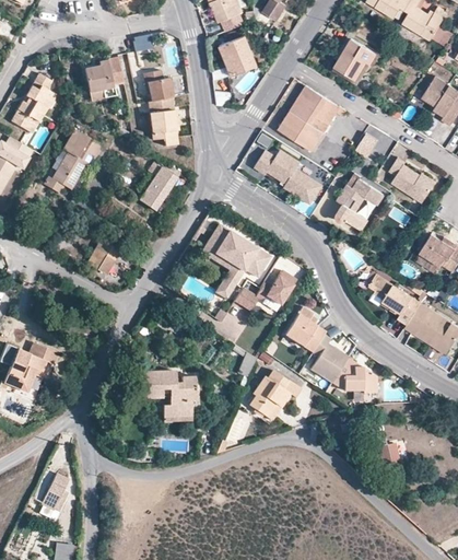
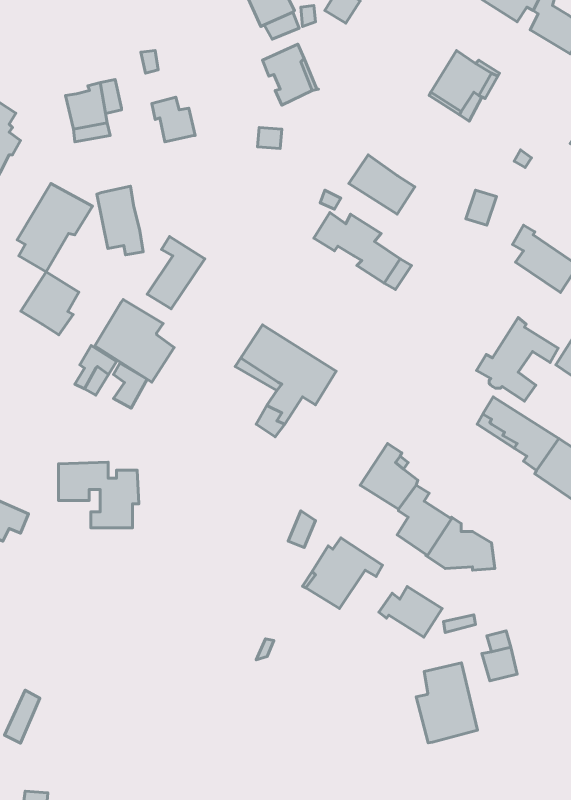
building: [291,85,347,132] -> none
building: [149,96,180,143] -> [97,186,143,255]
building: [328,174,384,231] -> [476,318,558,401]
building: none -> [21,272,79,335]
building: none -> [95,300,174,382]
building: [233,271,294,312] -> none
building: [141,371,196,416] -> [59,462,139,528]
building: none -> [379,587,442,637]
building: none -> [416,663,477,743]

